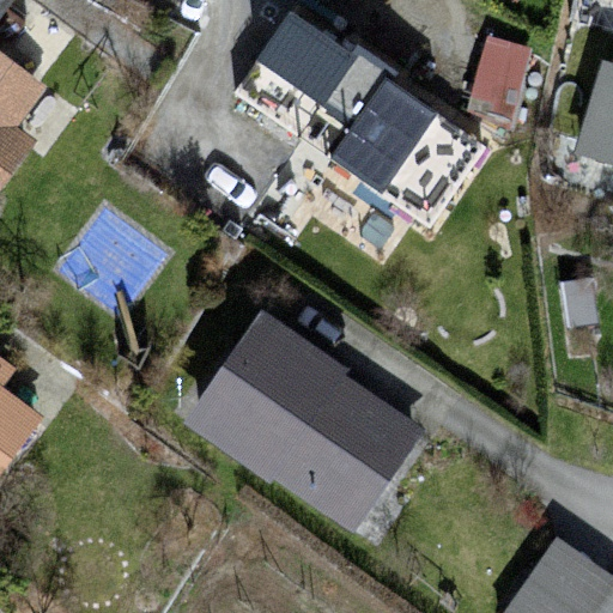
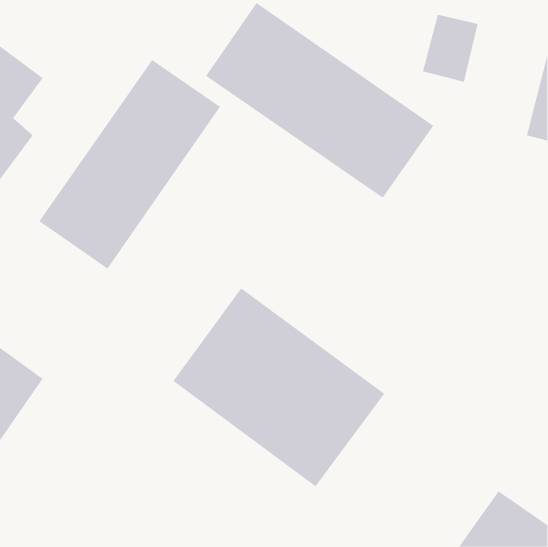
building: none -> [38,59,221,270]

